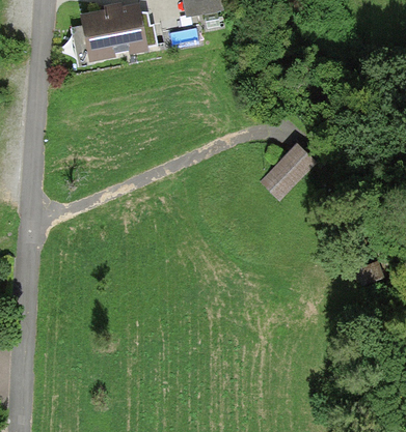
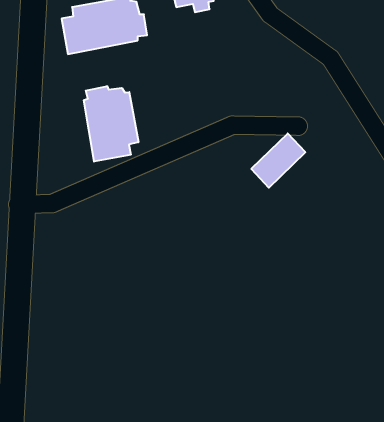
building: none -> [84,86,138,162]

